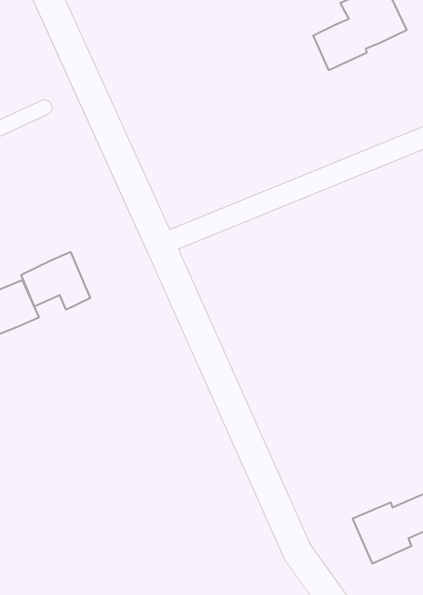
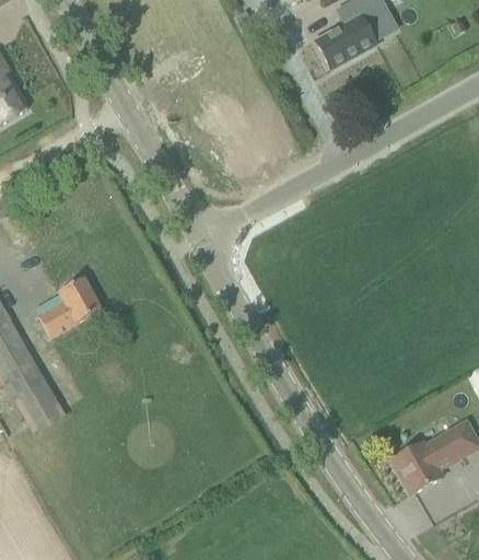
building: [21,252,90,310] -> none

